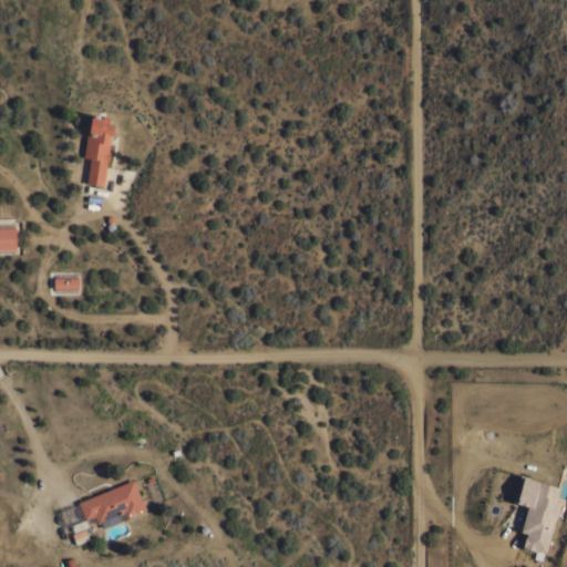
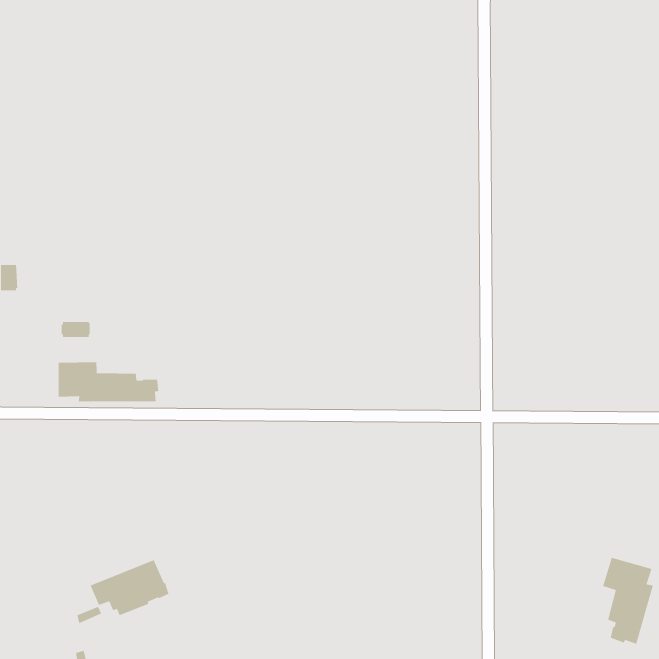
building: [84,116,115,187] -> none
building: none -> [58,362,159,402]

